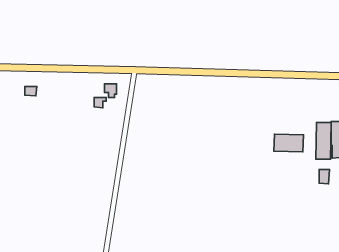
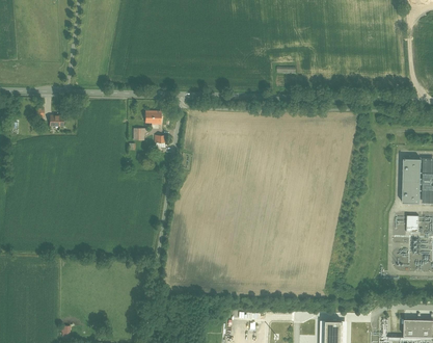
building: [274,134,303,152] -> none

